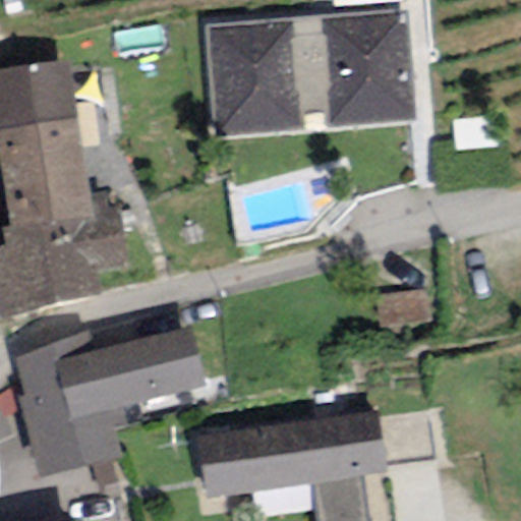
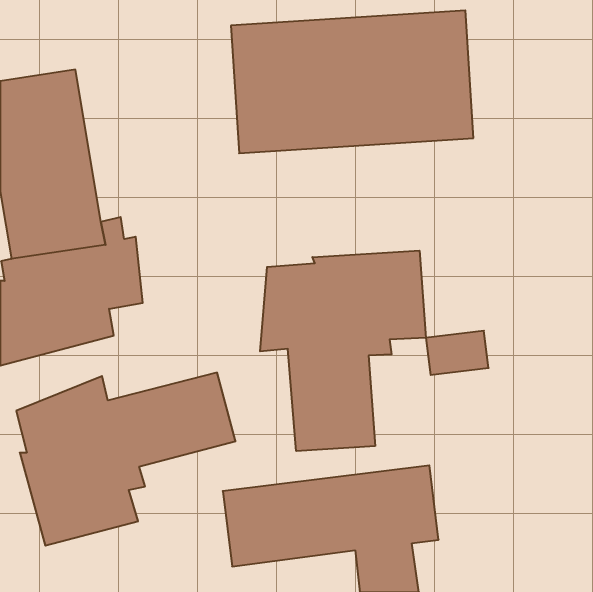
building: none -> [260,251,426,451]

